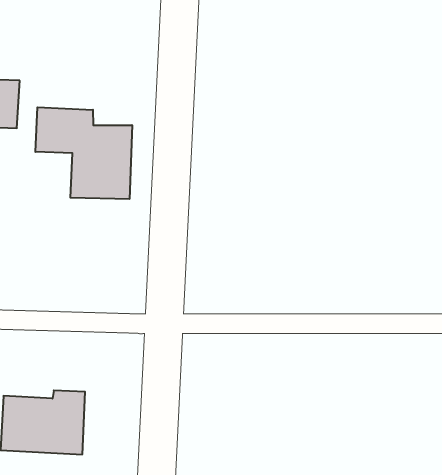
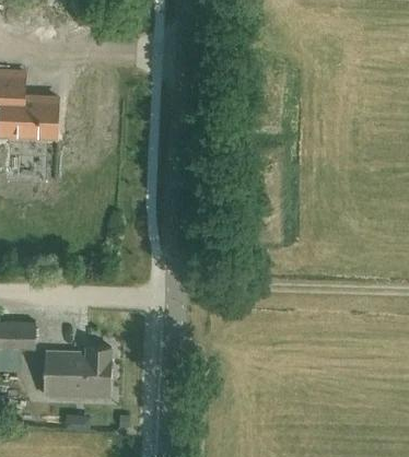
building: [35,107,132,199] -> none

